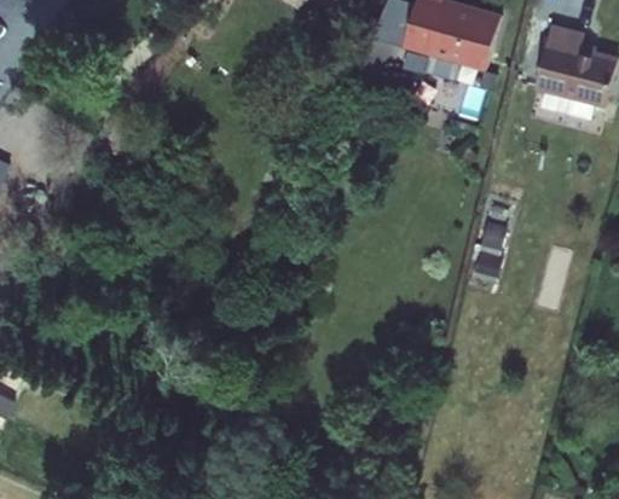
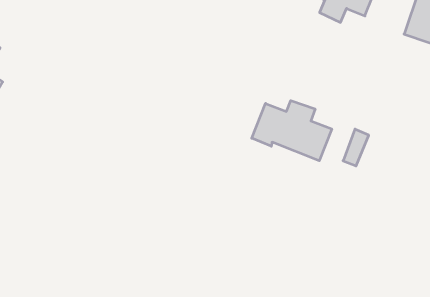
building: none -> [252,101,332,161]

